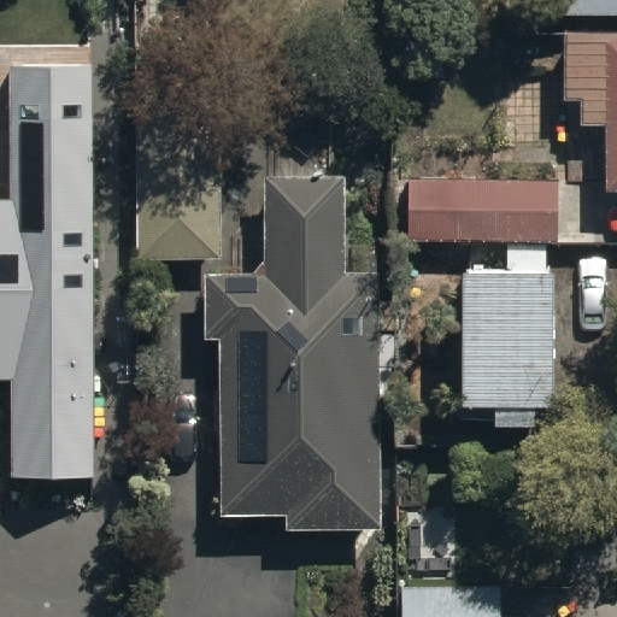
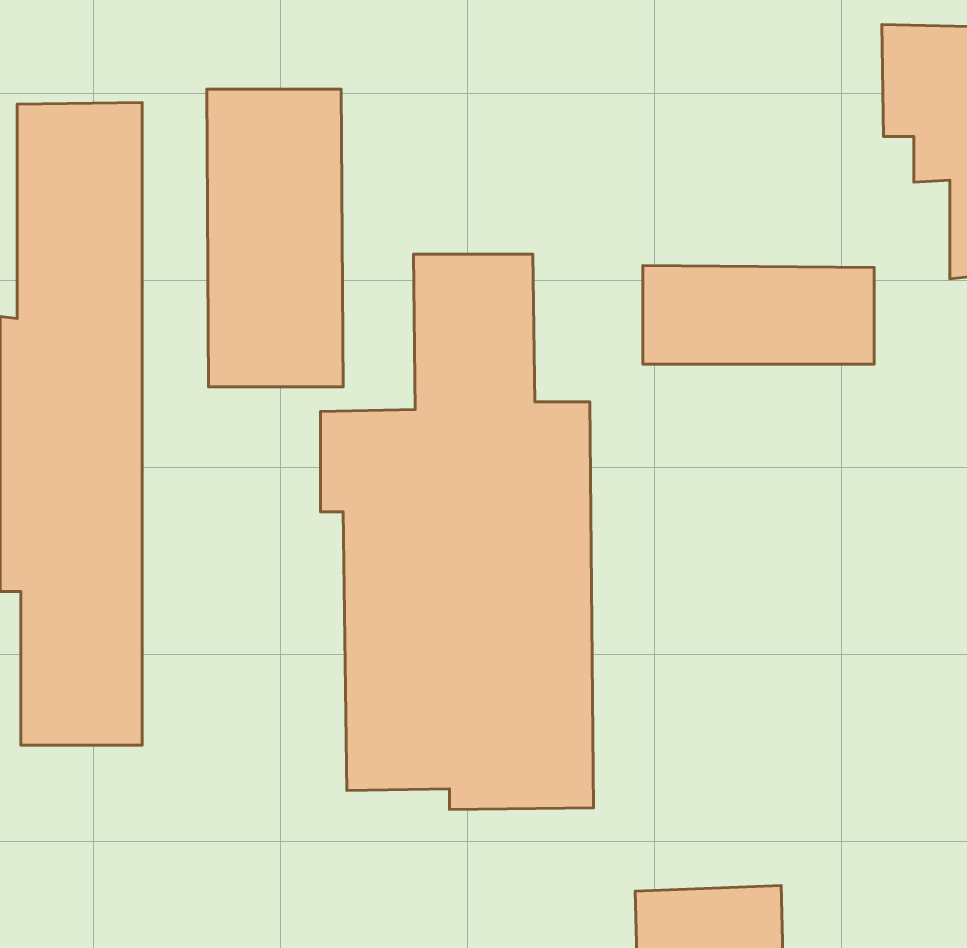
building: [460,252,556,417] -> none

